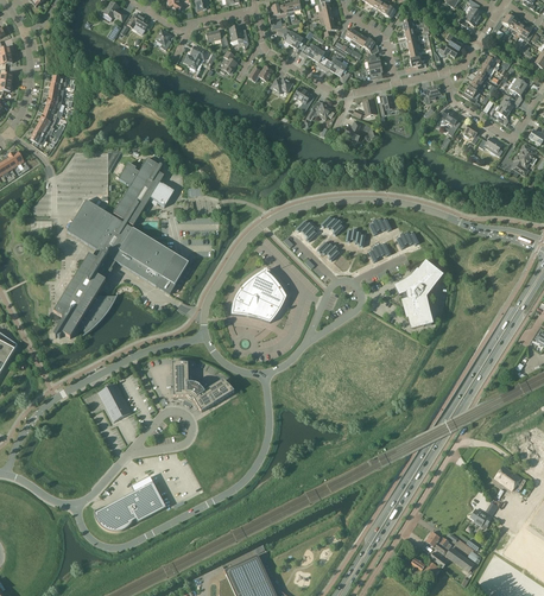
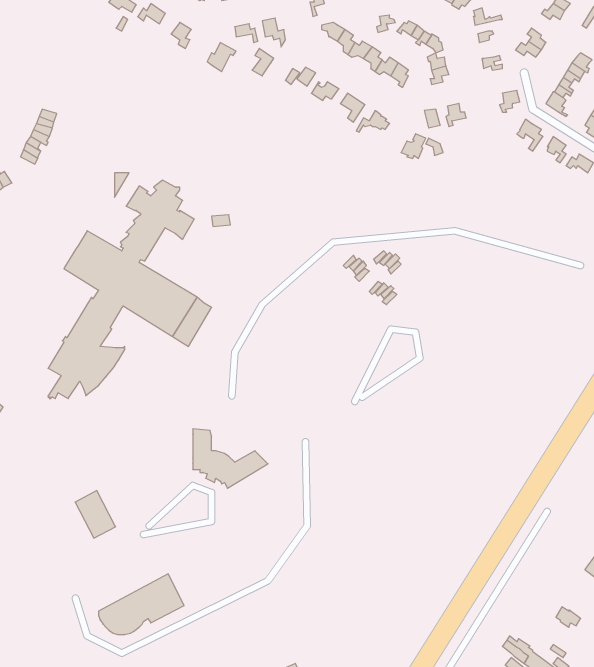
building: [396,264,441,328] -> none
building: [229,270,286,324] -> none
building: [97,382,131,421] -> [75,491,116,538]

